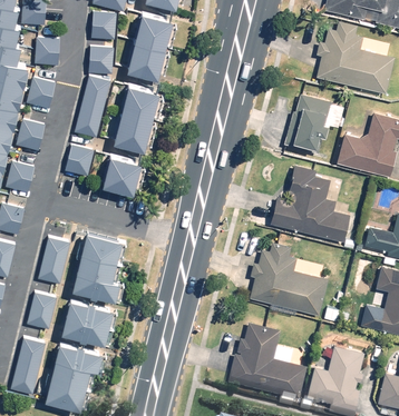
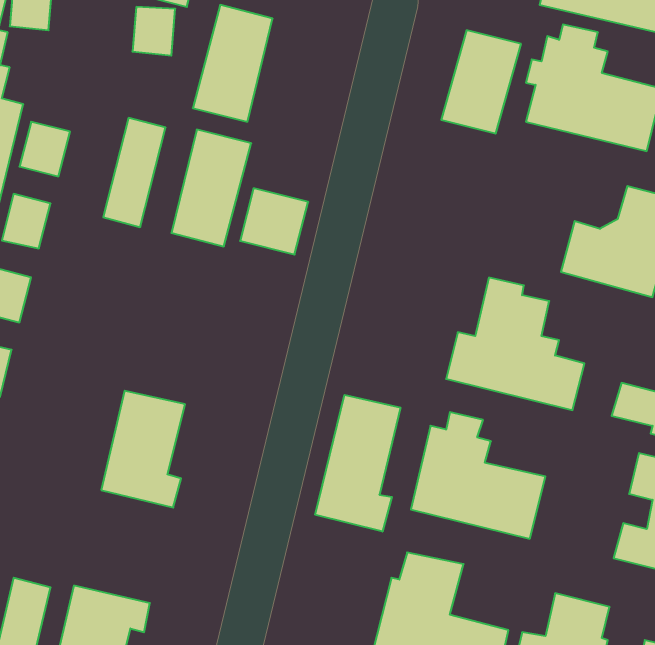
building: [36,38,60,65] -> none
building: [89,46,114,75] -> none
building: [286,95,332,153] -> [441,30,521,134]
building: [66,145,95,176] -> none
building: [103,153,142,191] -> [240,188,308,255]
building: none -> [315,395,400,532]
building: [39,238,69,284] -> none
building: [27,293,57,329] -> none
building: [61,298,113,341] -> none

